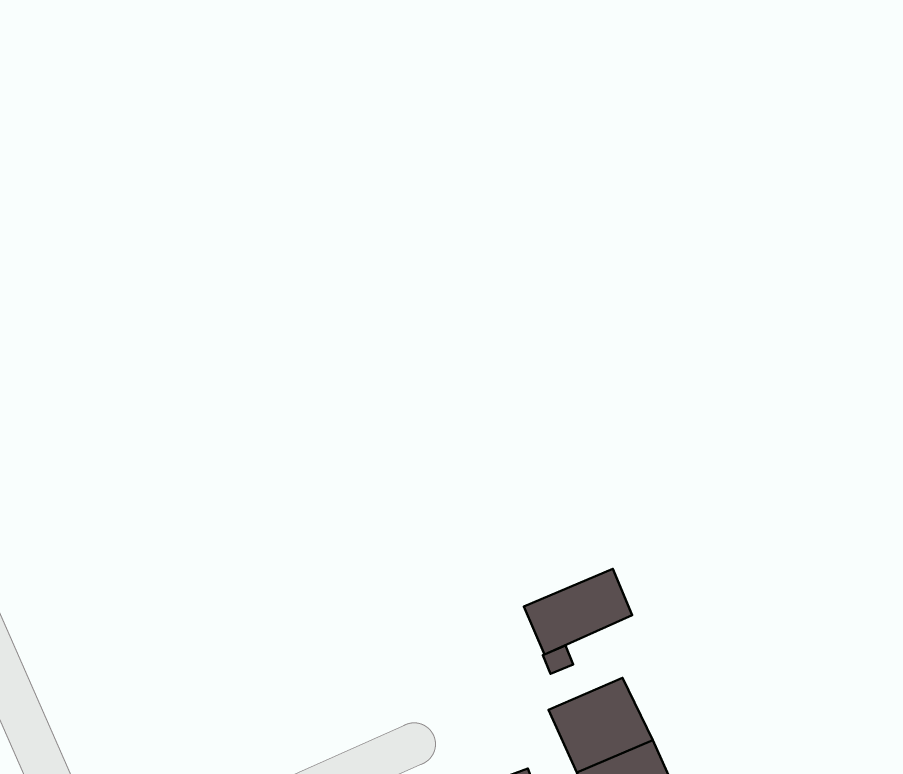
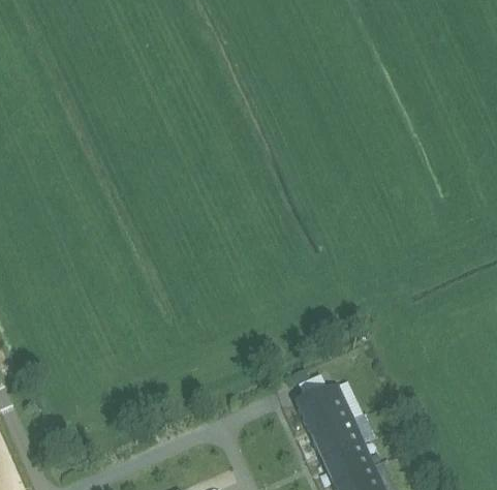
building: [524,569,632,654] -> none

